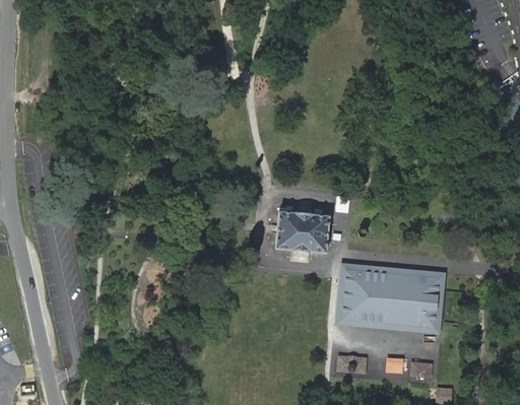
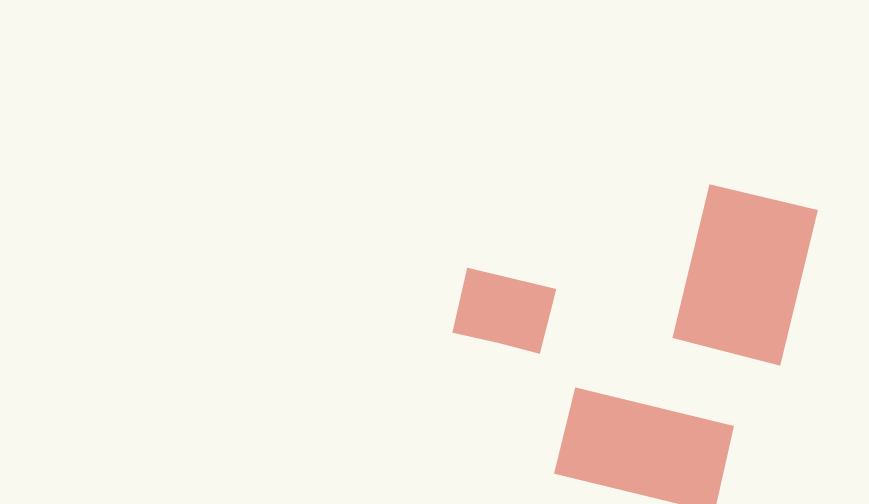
building: none -> [672,183,819,366]

